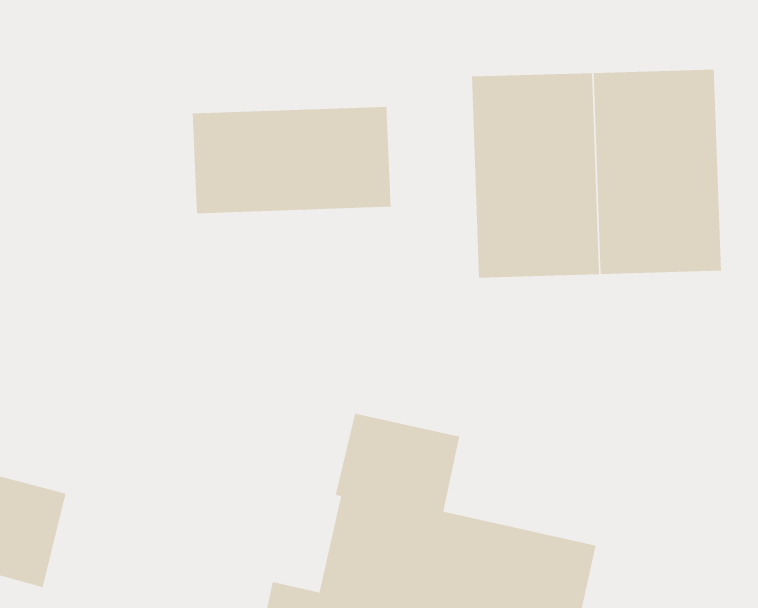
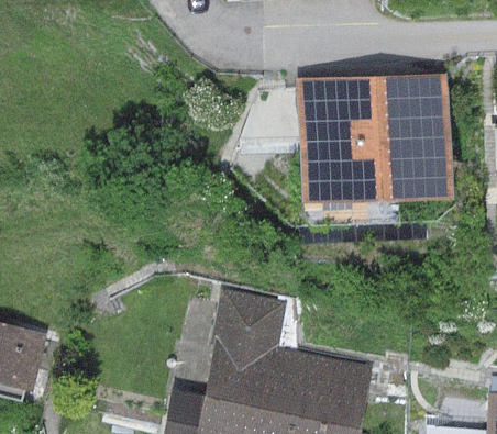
building: [192,106,391,214] -> none

